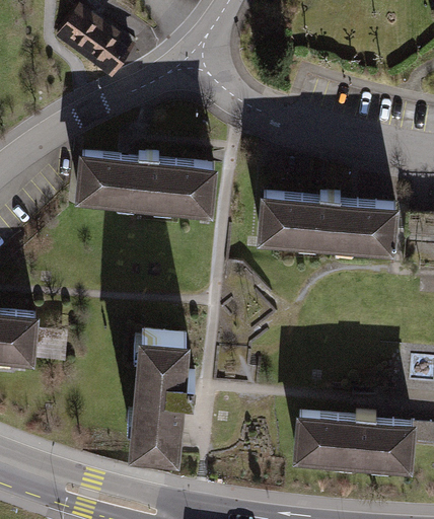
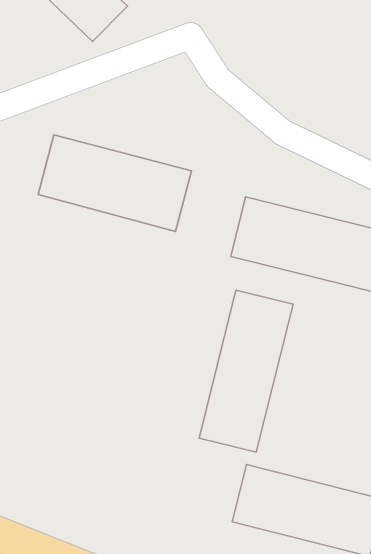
building: none -> [199,290,293,452]
building: [124,338,187,456] -> none

